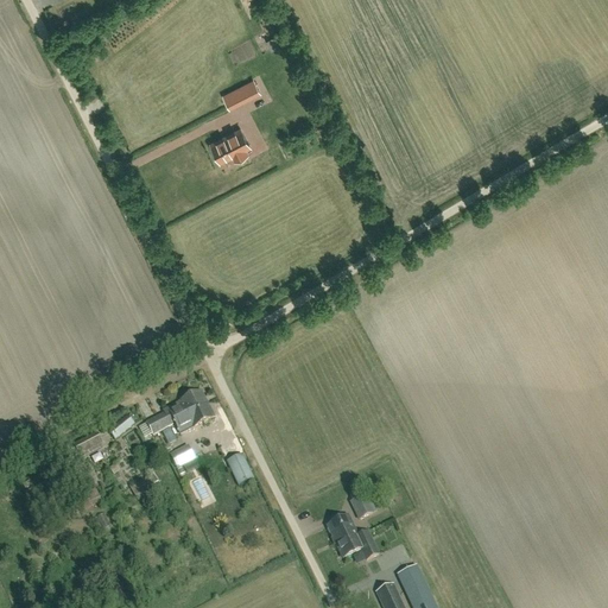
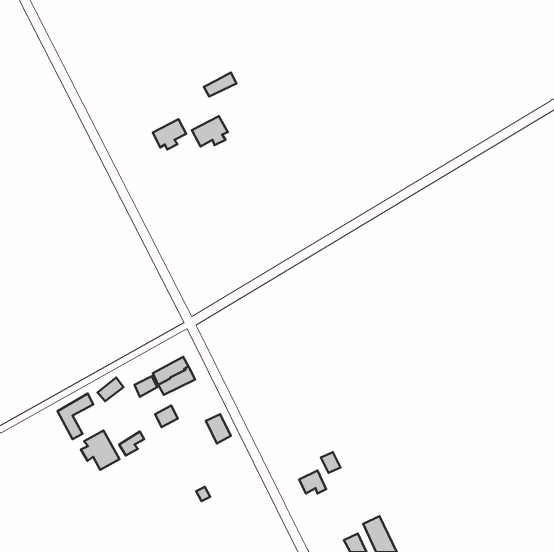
building: none -> [153,119,186,150]
building: none -> [81,430,120,470]
building: [335,531,379,559] -> none

